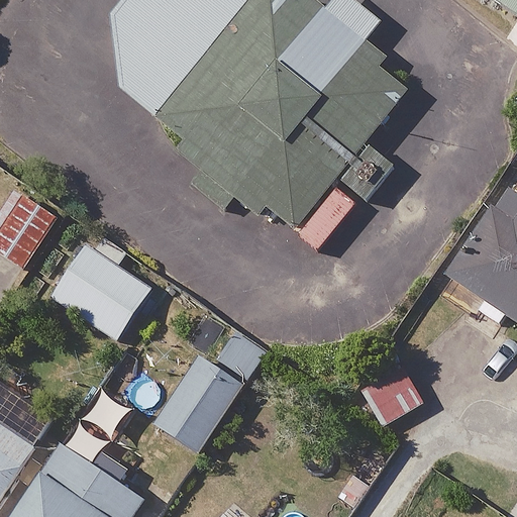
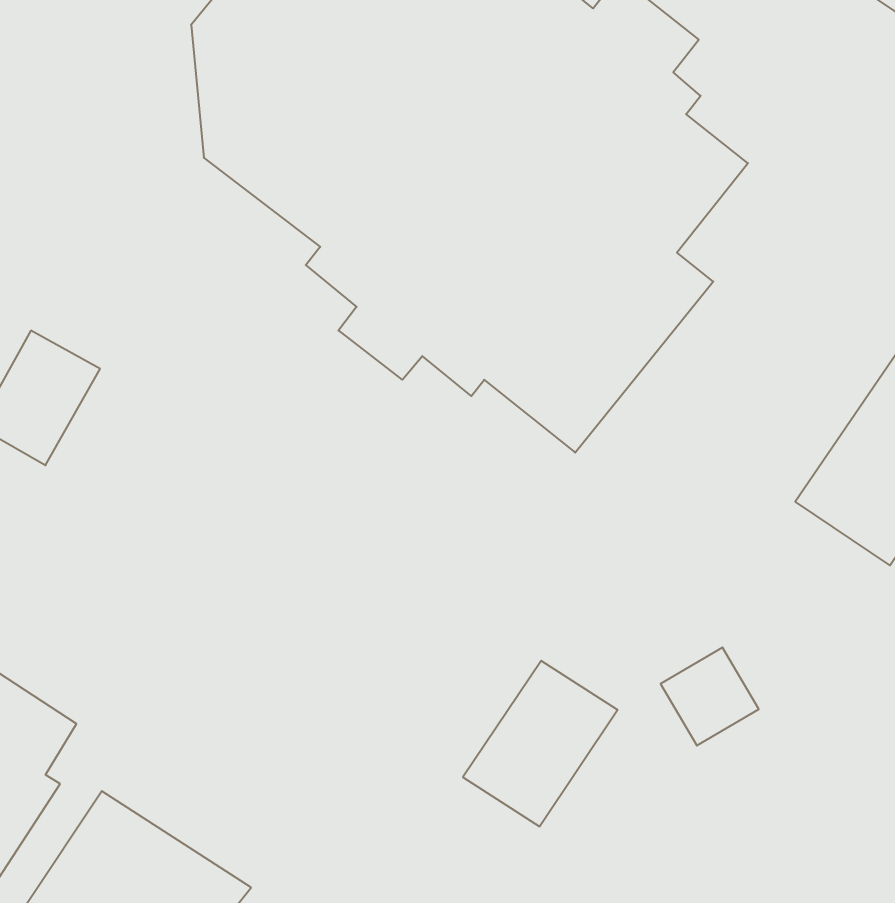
building: [51,237,152,336] -> none
building: [156,355,241,447] -> [463,661,618,826]

